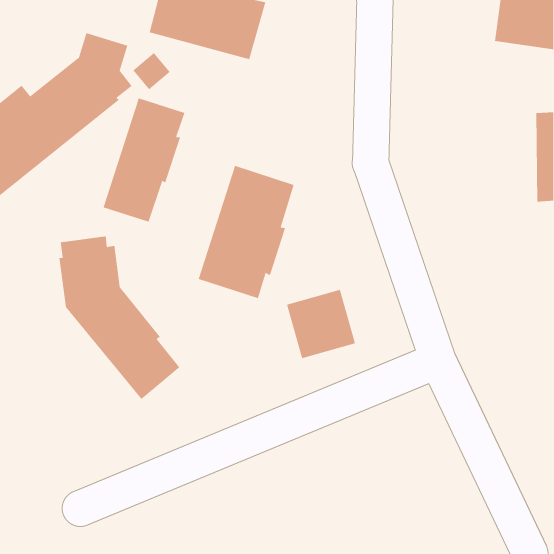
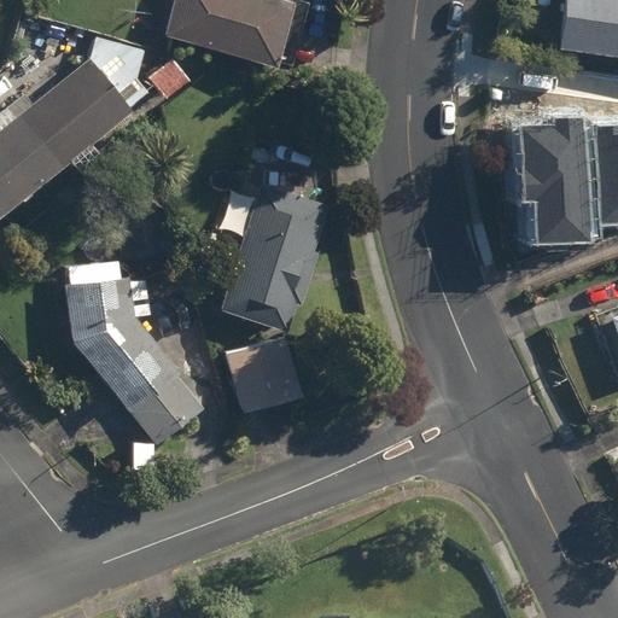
building: [103,97,185,222] -> none
building: none -> [521,118,590,239]
building: [286,289,356,359] -> [225,338,302,415]

